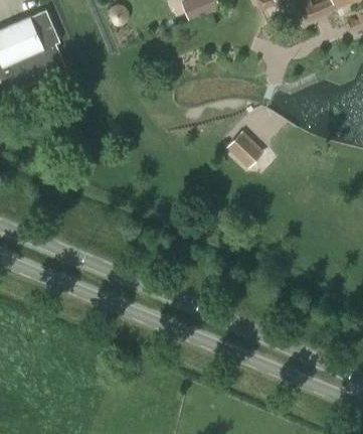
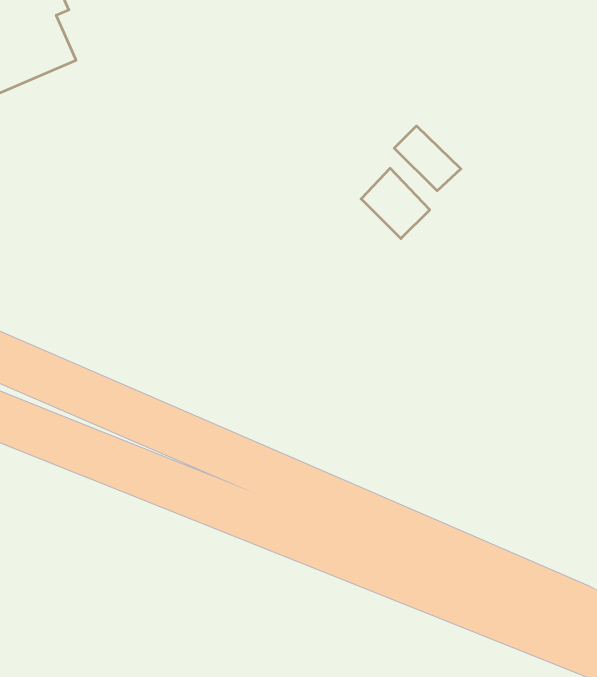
building: none -> [394,126,461,191]

